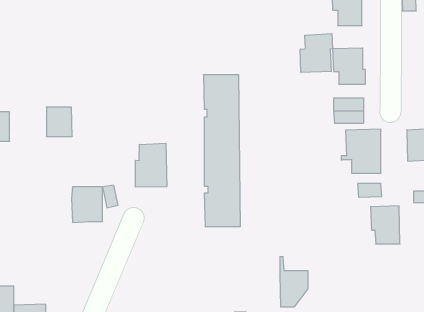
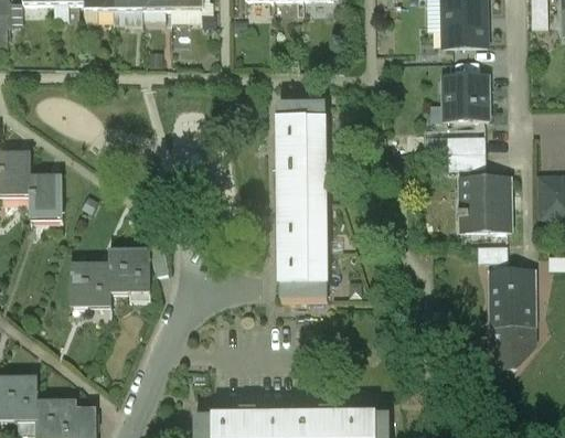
building: [300,34,333,72] -> none
building: [46,107,72,136] -> [30,174,63,212]
building: [135,143,167,187] -> none
building: none -> [70,263,110,307]
building: [280,257,308,307] -> [493,303,530,367]

